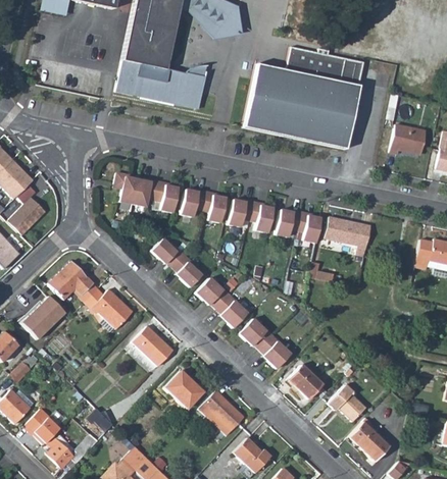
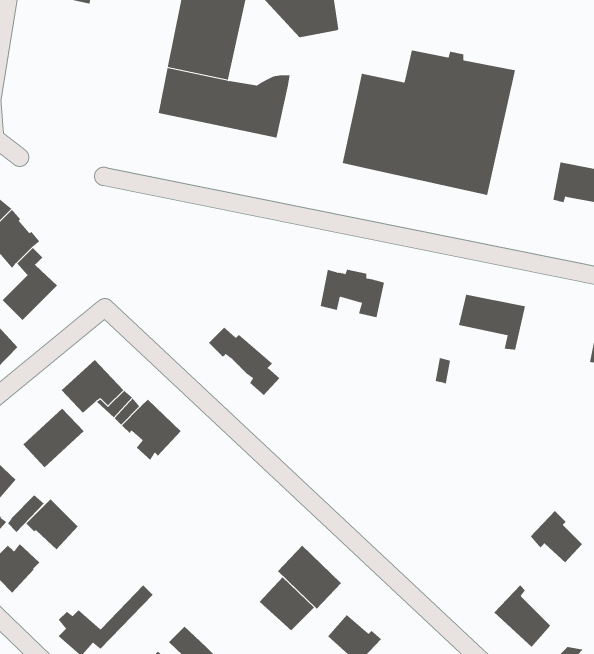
building: [116,173,179,214] -> none
building: [182,191,227,223] -> none
building: [276,210,320,244] -> none
building: [197,279,248,328] -> none
building: [239,319,291,369] -> none
building: [133,326,173,367] -> none
building: [289,365,322,398] -> none
building: [164,371,203,409] -> [259,577,315,631]
building: [329,384,365,421] -> [530,510,583,563]
building: [23,409,60,444] -> [26,499,79,550]

